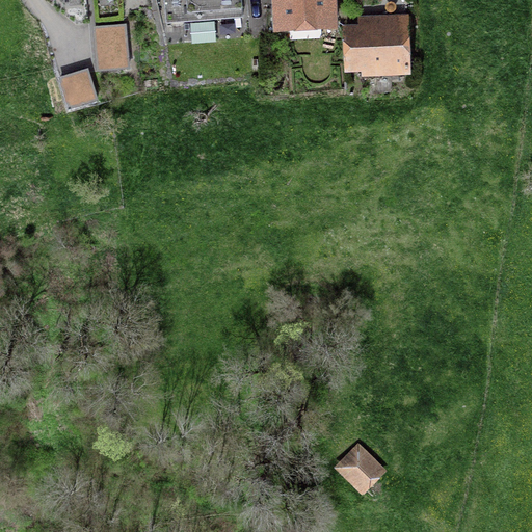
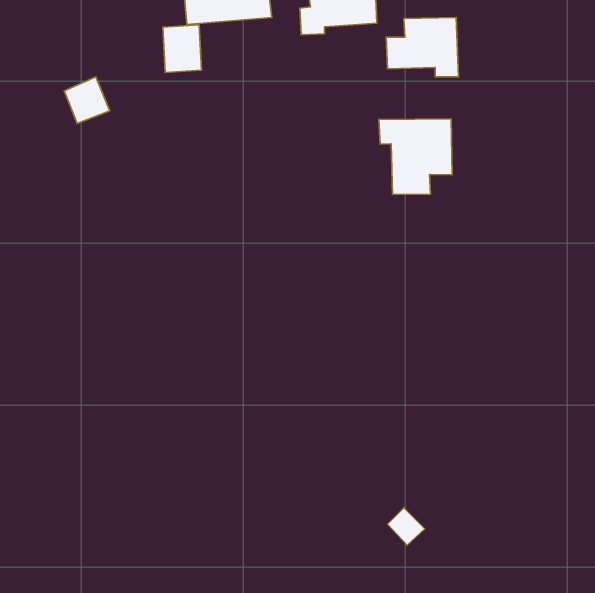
building: [94,24,128,66] -> [163,25,201,72]
building: none -> [379,119,452,195]

